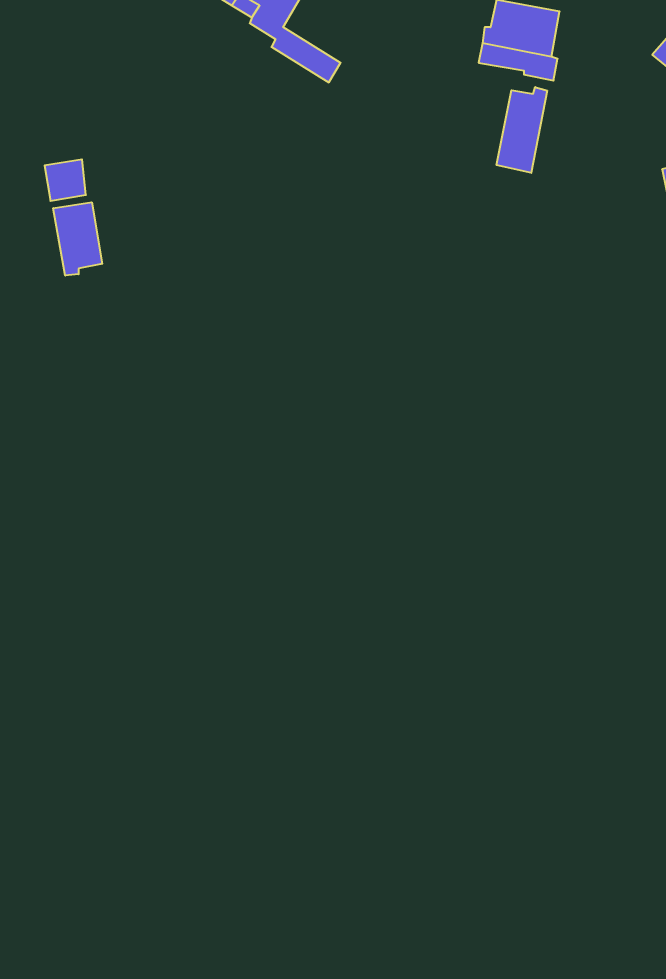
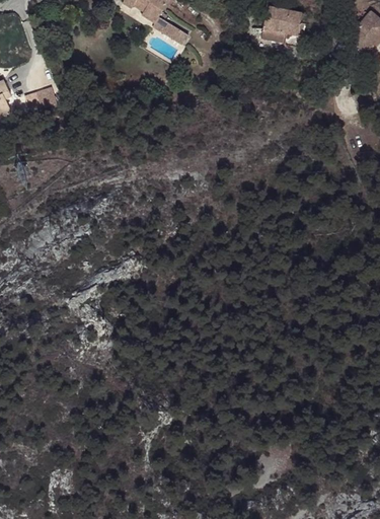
building: [497,87,547,173] -> none
building: [53,202,102,276] -> none

